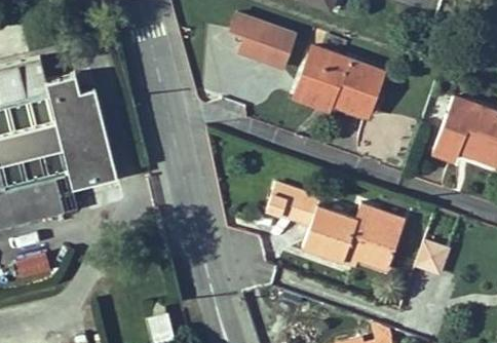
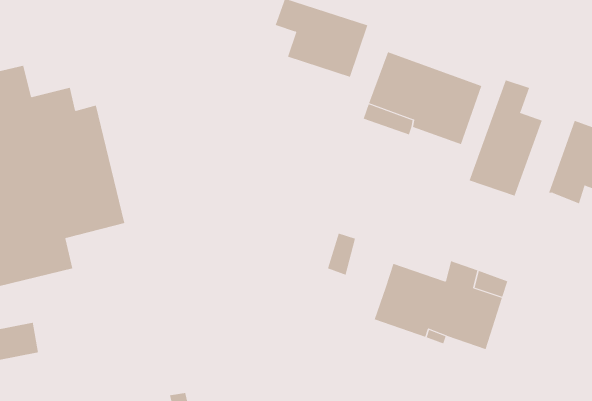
building: none -> [469,79,542,197]
building: [281,187,319,224] -> none
building: [414,237,451,275] -> none

